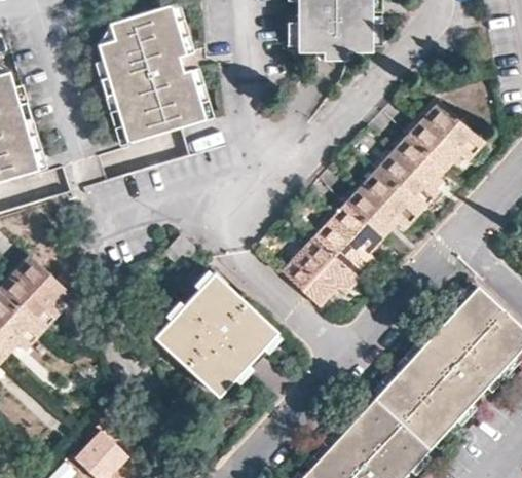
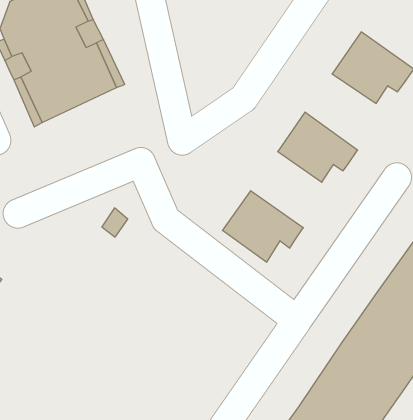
building: [376,136,445,212] -> none
building: [314,203,383,279] -> none
building: [158,273,276,393] -> none

